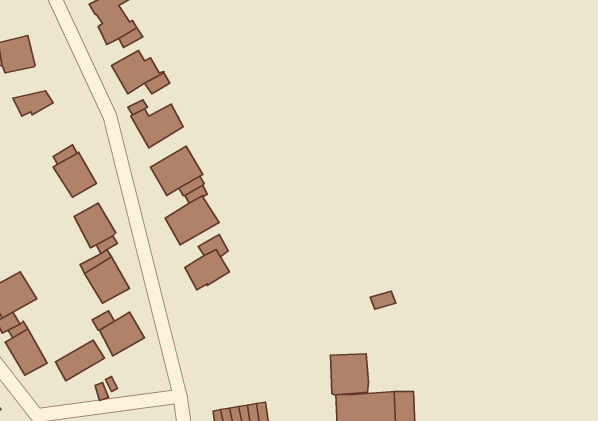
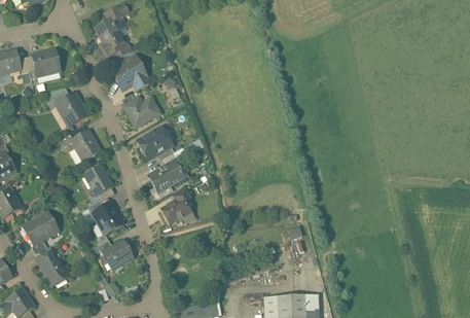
building: none -> [56,93,87,127]
building: [56,340,105,381] -> none
building: [330,354,369,395] -> none

